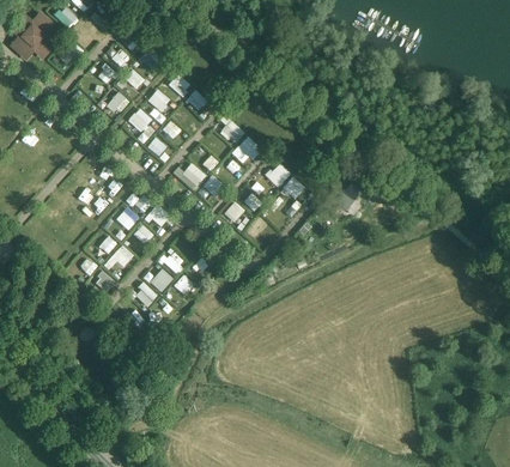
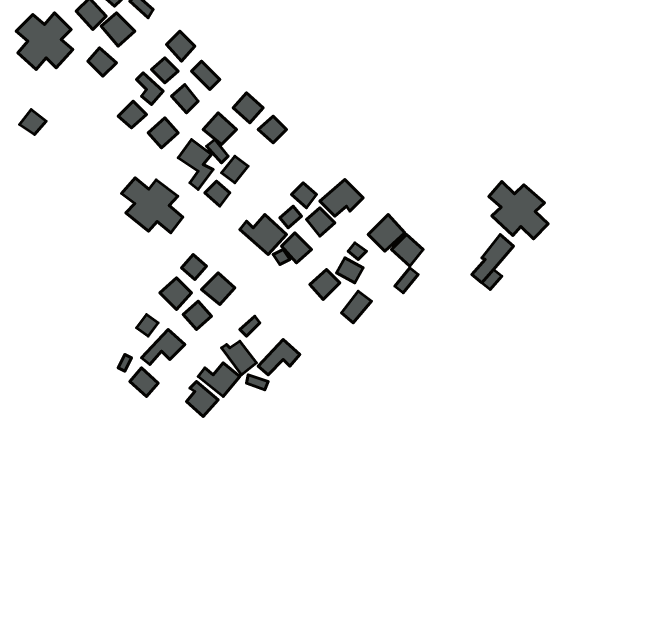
building: none -> [122,178,183,233]
building: none -> [489,182,548,239]

